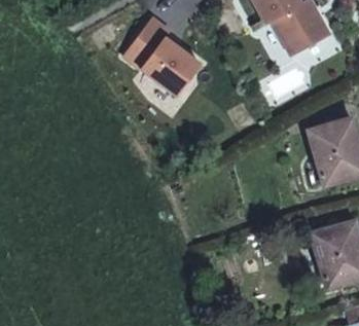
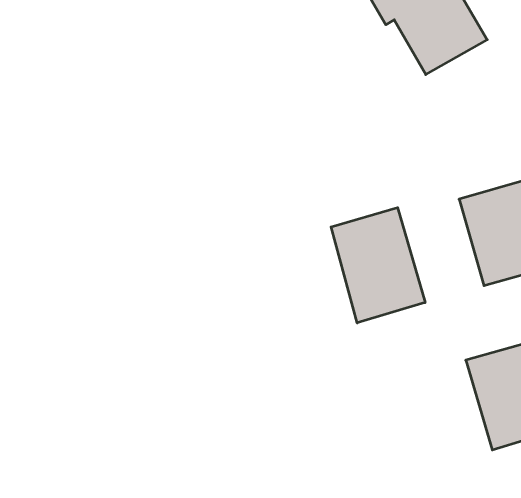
building: [122,19,198,95] -> none
building: none -> [331,208,425,323]

